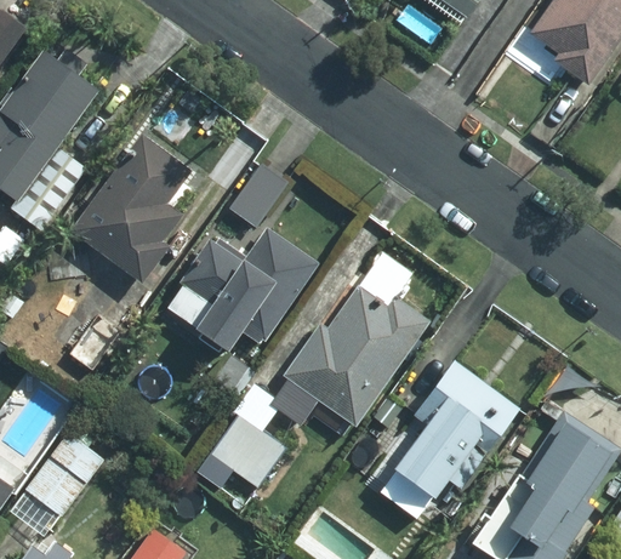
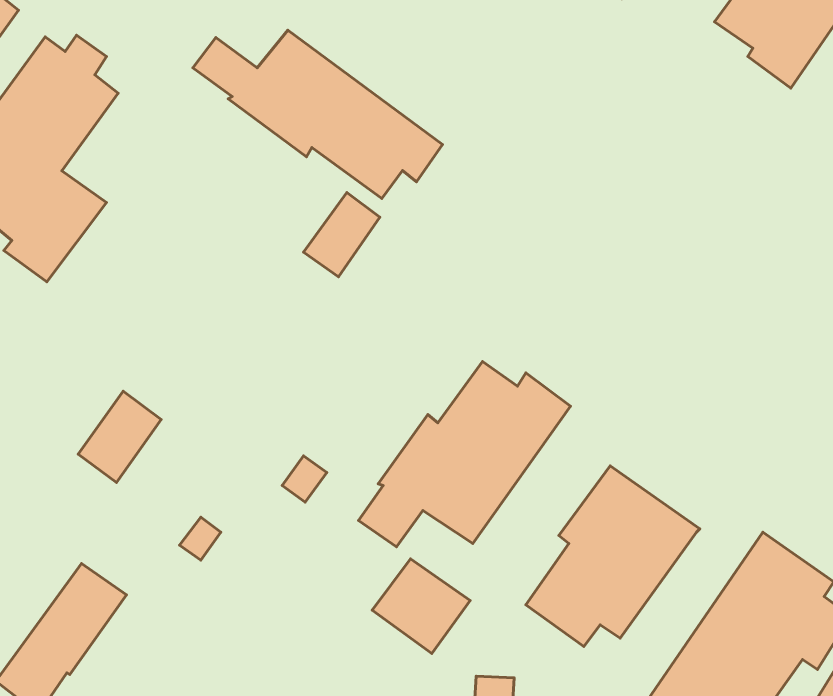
building: none -> [193,30,442,199]
building: [69,135,188,281] -> none
building: [180,229,314,347] -> none
building: [212,416,284,485] -> [372,559,470,653]

